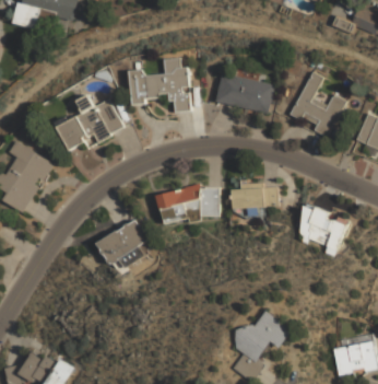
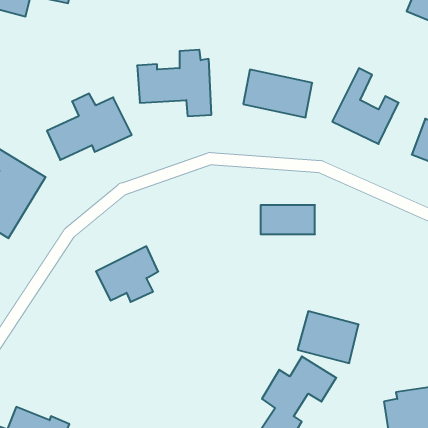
building: [158,188,218,218] -> none
building: [296,205,346,247] -> [298,311,359,363]

